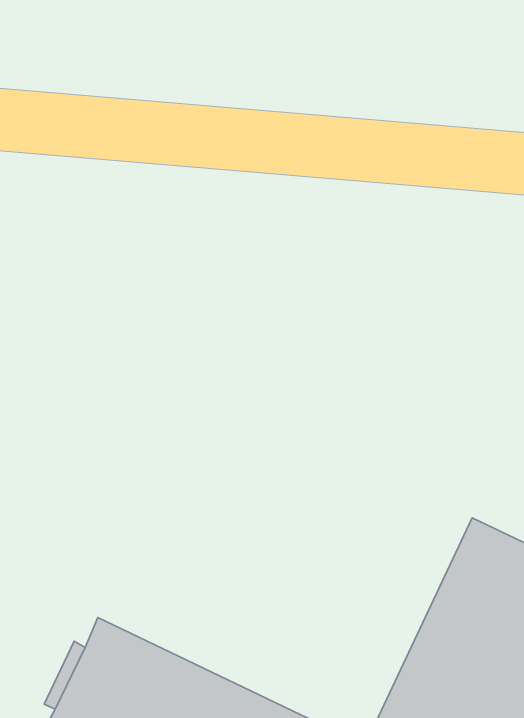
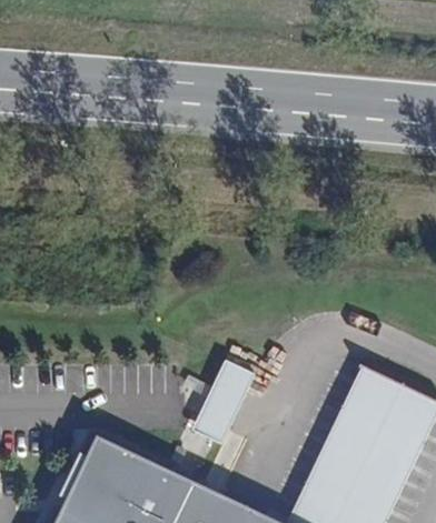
building: none -> [198,361,256,433]

